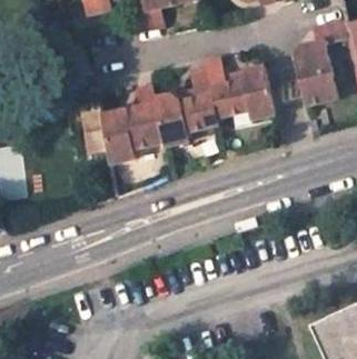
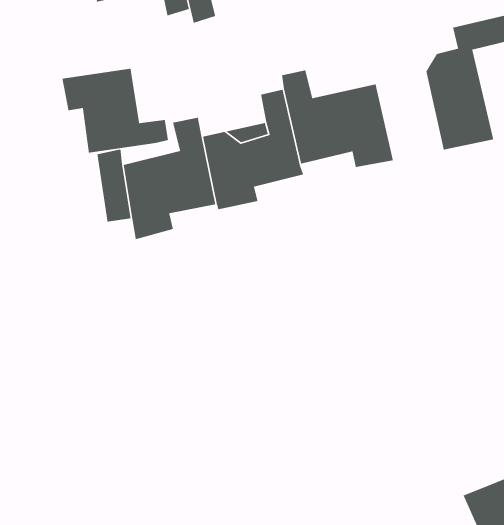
building: none -> [61,68,169,153]

